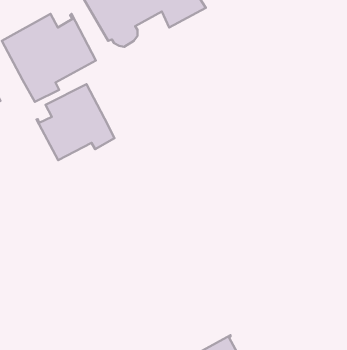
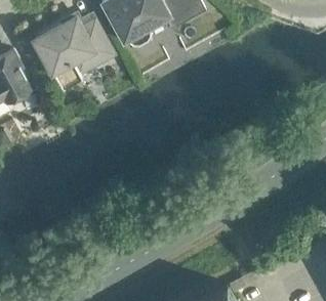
building: [36,84,115,160] -> none

